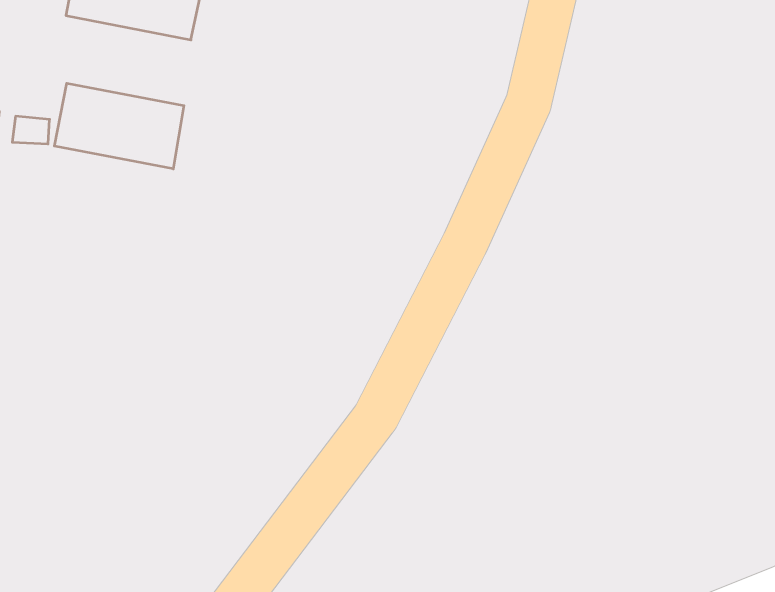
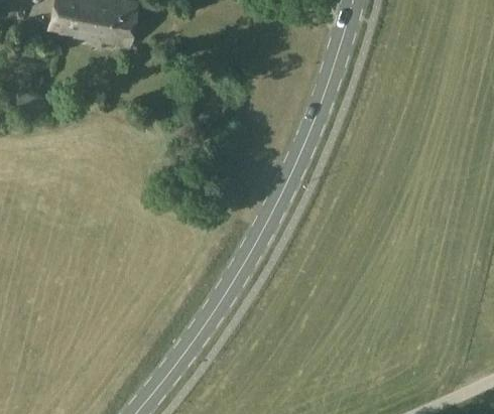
building: [54,83,184,169] -> none

